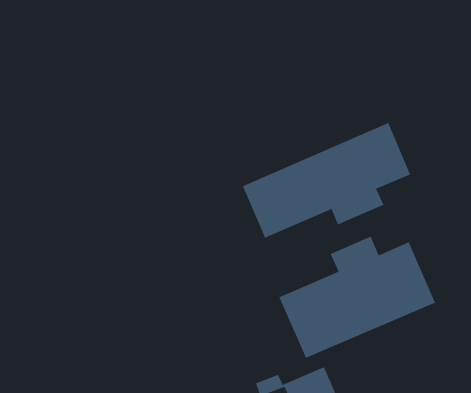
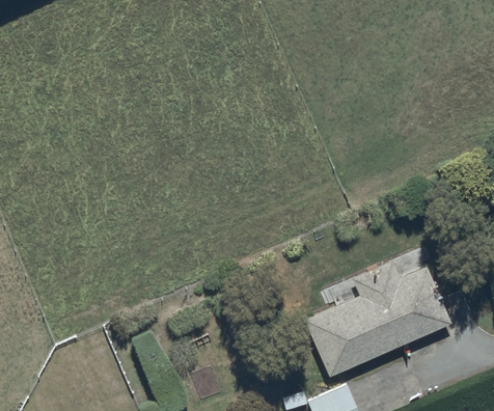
building: [242,122,411,239] -> none

